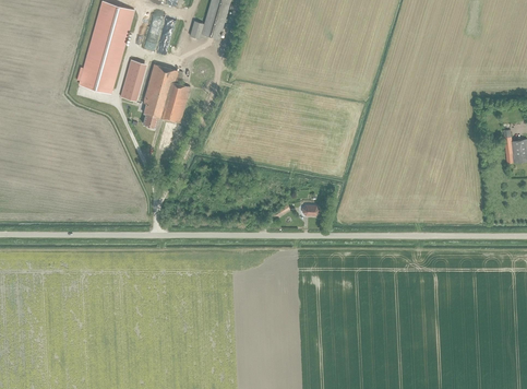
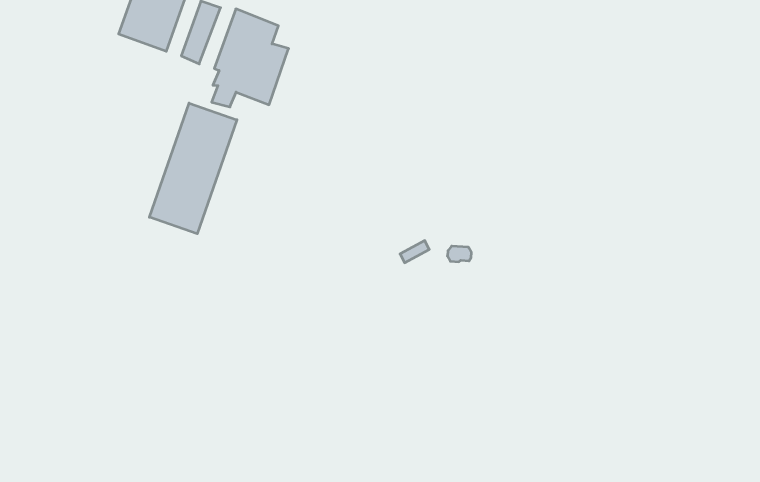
building: none -> [149,103,237,234]

